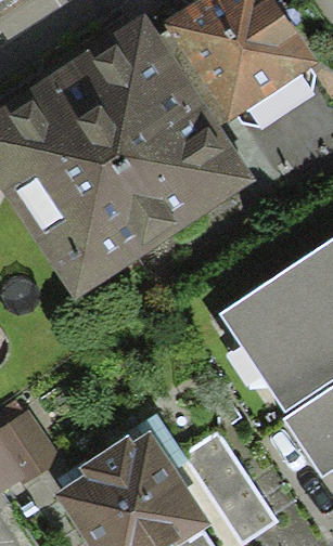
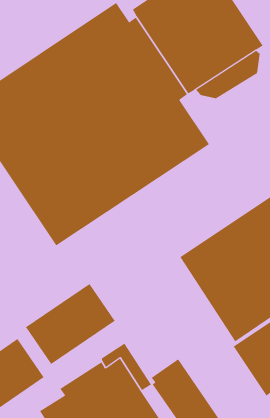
building: none -> [25,283,115,365]

